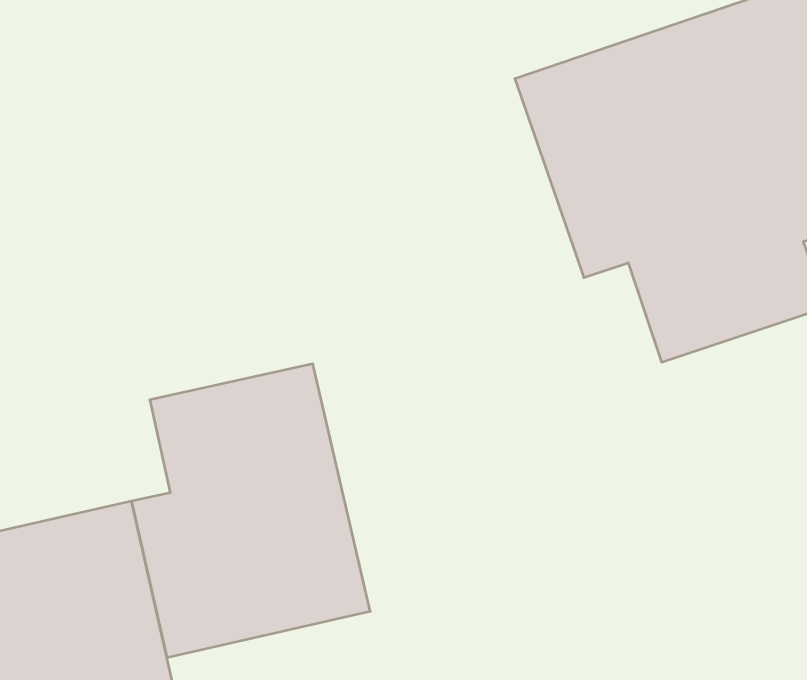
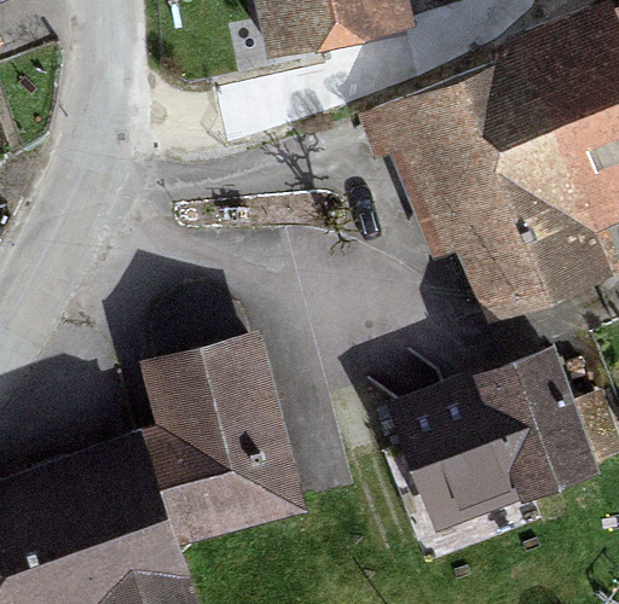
building: none -> [404,359,598,528]

